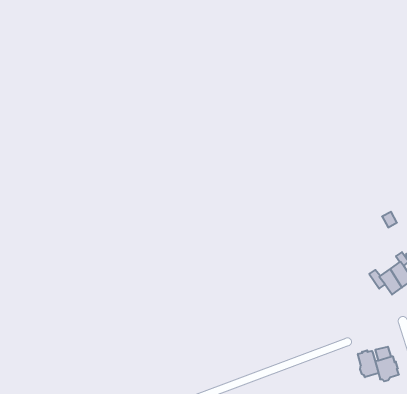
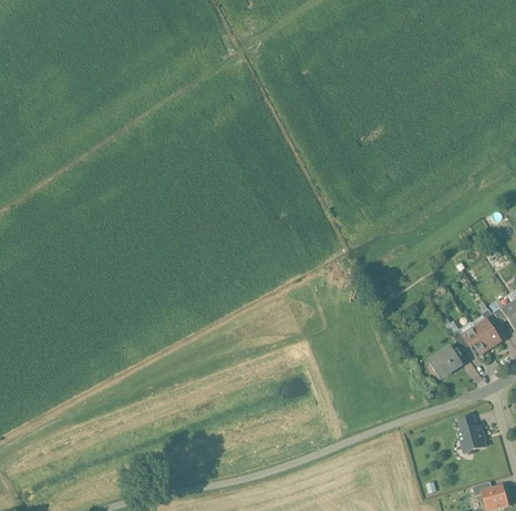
building: none -> [429,346,462,378]
building: [358,350,378,377] -> none

